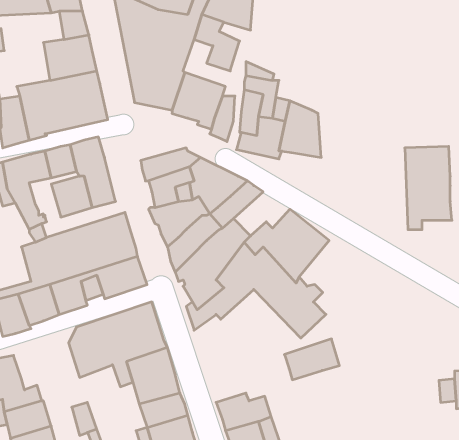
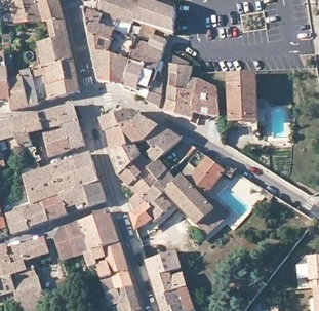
building: none -> [128,39,163,76]
building: [405,146,452,230] -> [226,72,256,126]
building: [284,339,339,380] -> [145,249,181,276]
building: none -> [17,237,48,261]

